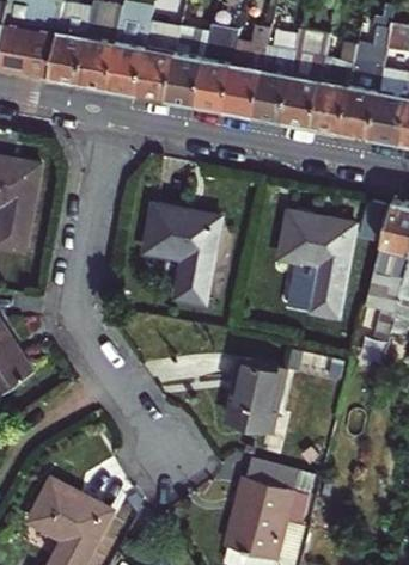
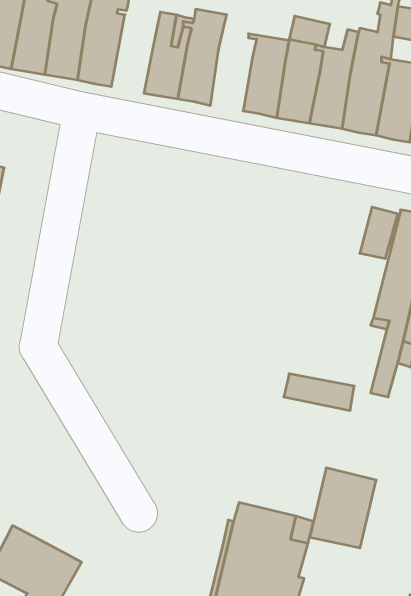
building: [136,24,179,100] -> none
building: [224,24,270,116] -> none
building: [144,207,219,303] -> none
building: [277,213,354,318] -> none
building: [226,361,285,431] -> [310,468,376,548]

